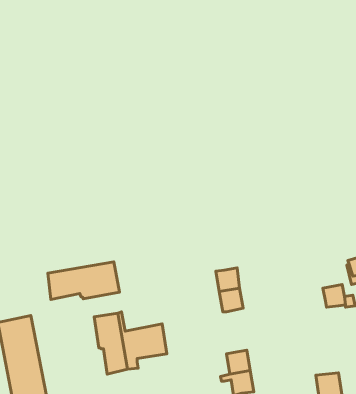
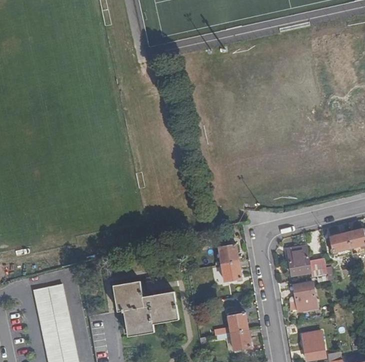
building: [48,262,120,299] -> none
building: none -> [287,246,309,275]
building: none -> [293,283,316,312]

